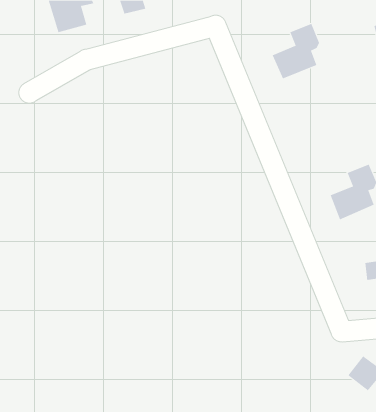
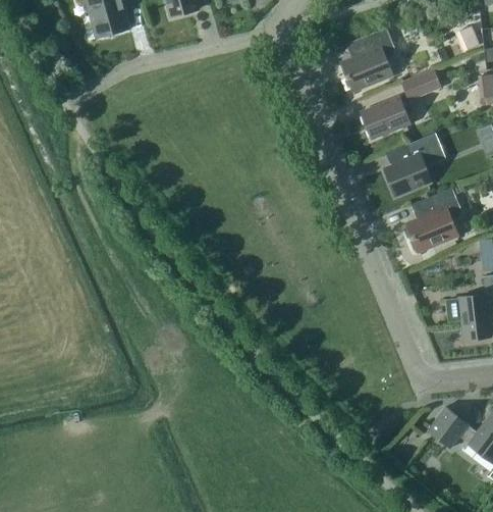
building: none -> [400,68,440,100]
building: none -> [361,97,408,138]
building: none -> [384,133,446,196]

